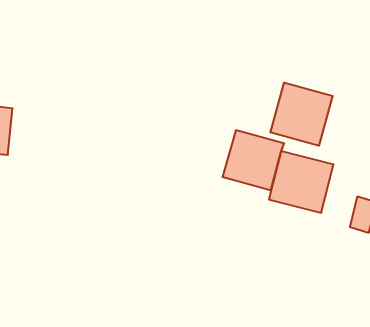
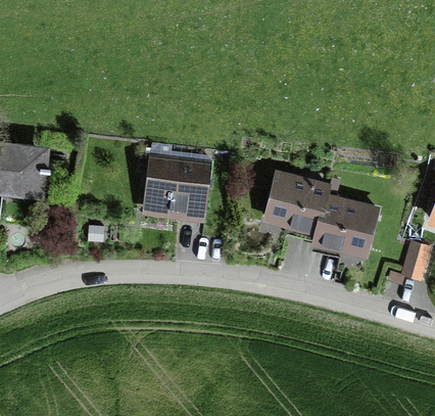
building: [270,83,333,146] -> none
building: none -> [142,155,211,221]

